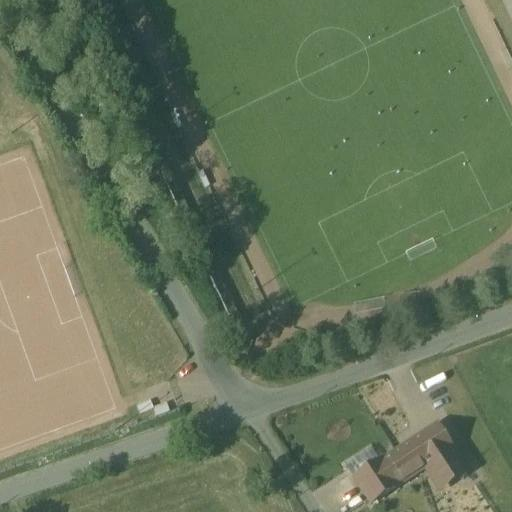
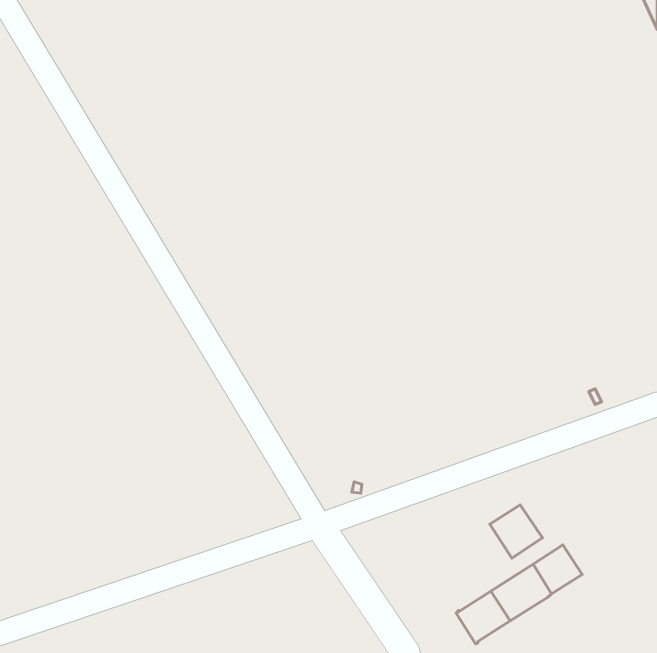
building: none -> [490,505,542,558]
building: [425,446,466,486] -> none

